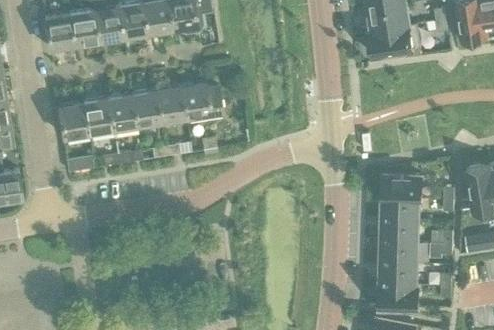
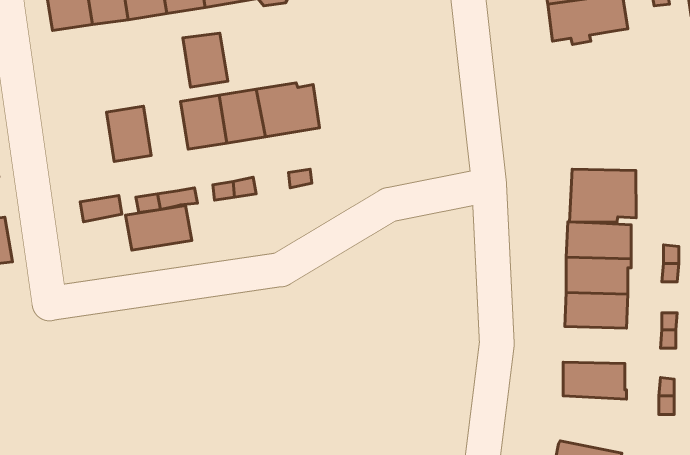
building: [106,95,135,130] -> [183,33,228,87]
building: [56,102,87,138] -> none
building: none -> [570,169,636,222]
building: none -> [125,205,192,250]
building: [378,241,419,265] -> none
building: [377,286,419,310] -> none

